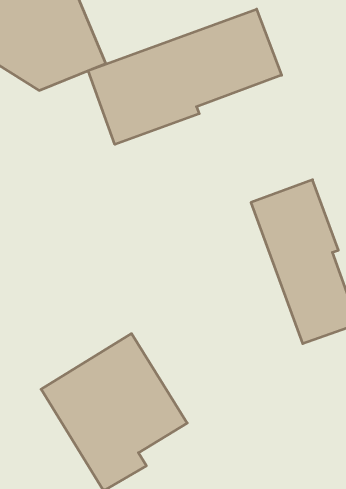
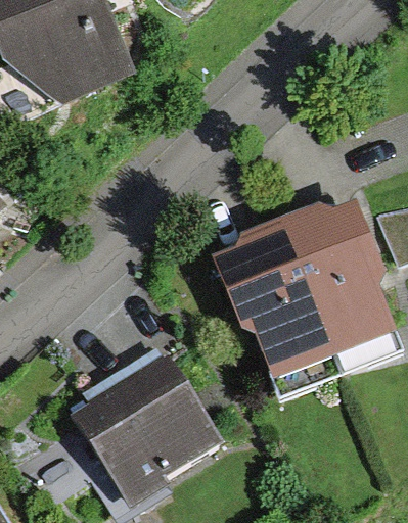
building: [88,9,282,144] -> none
building: none -> [218,216,337,381]

